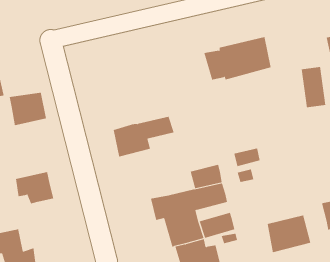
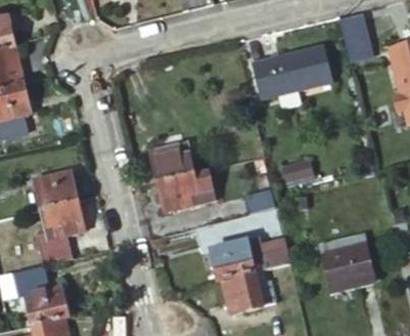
building: [301,66,326,108] -> [343,12,371,59]
building: [9,92,47,126] -> [35,169,78,207]
building: none -> [157,168,224,216]
building: none -> [40,225,73,263]

